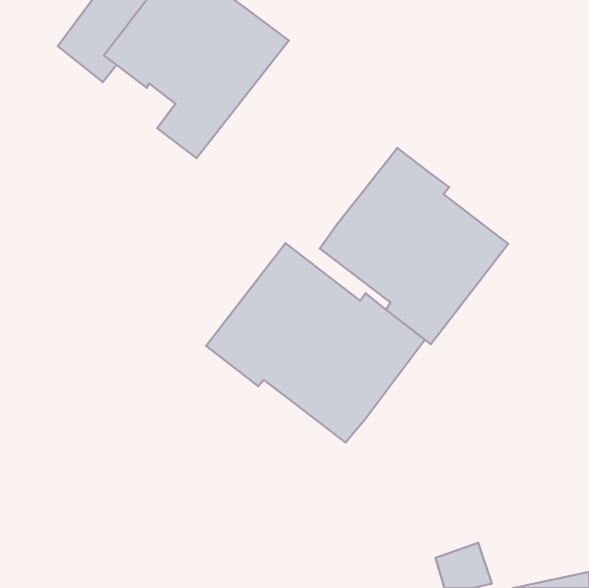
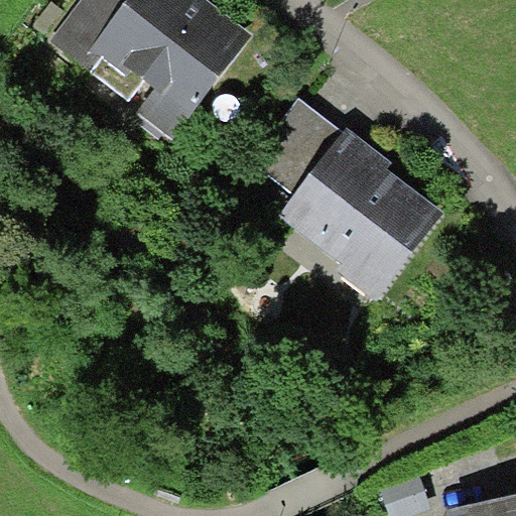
building: none -> [250,98,344,196]
building: [206,243,425,443] -> none

